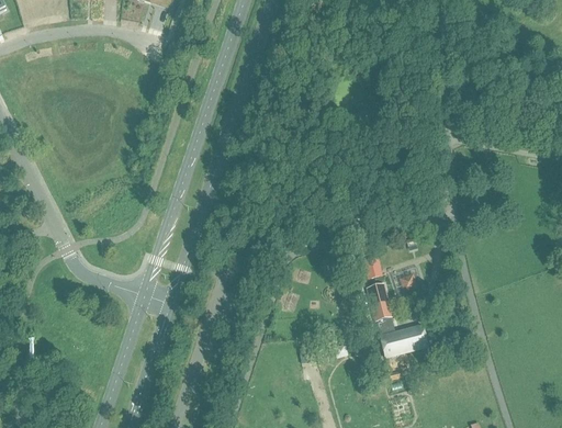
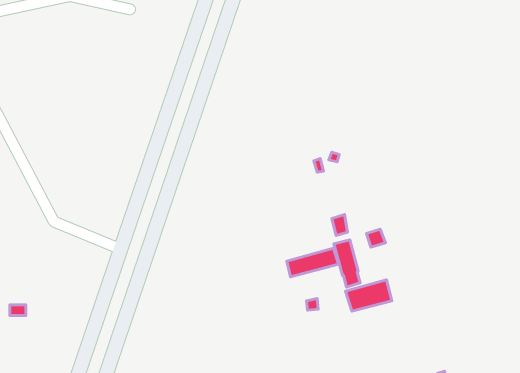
building: none -> [287,248,338,277]

